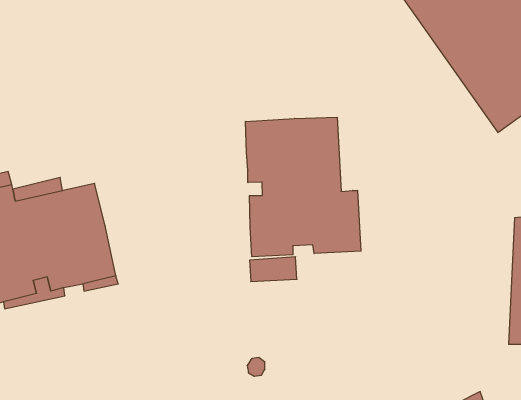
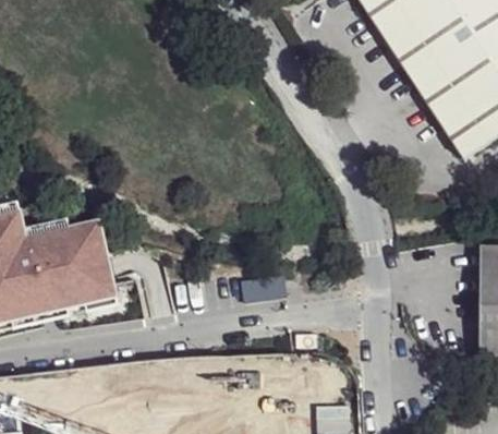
building: [246,117,361,257] -> none

